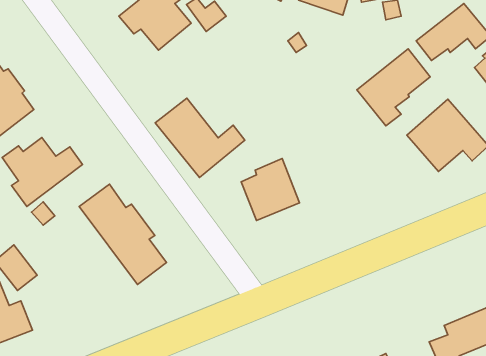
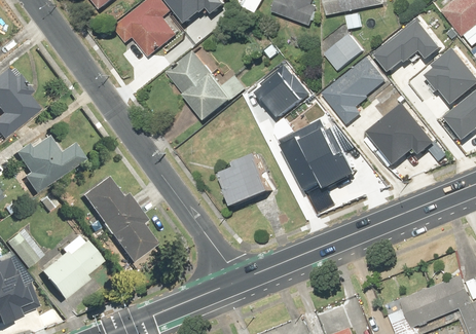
building: none -> [323,34,362,72]
building: none -> [256,66,306,116]
building: [155,98,245,178] -> [164,51,244,121]
building: none -> [279,118,354,188]
building: none -> [36,234,100,301]

